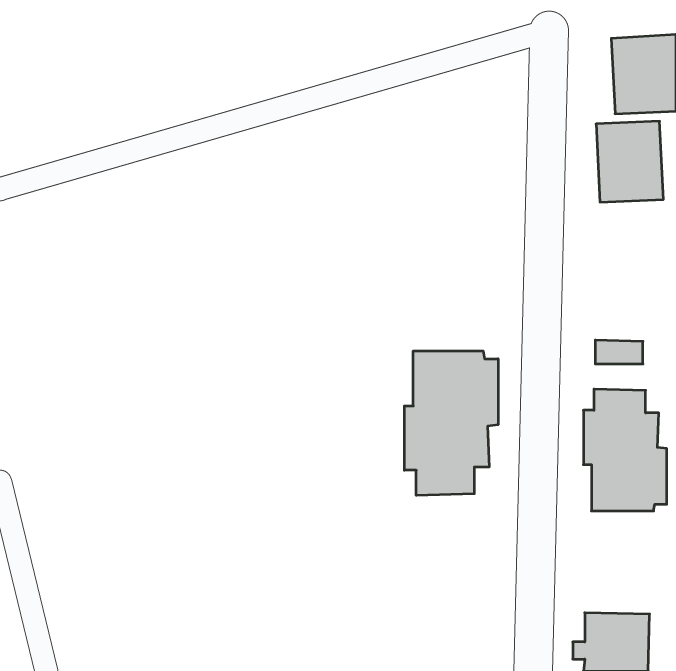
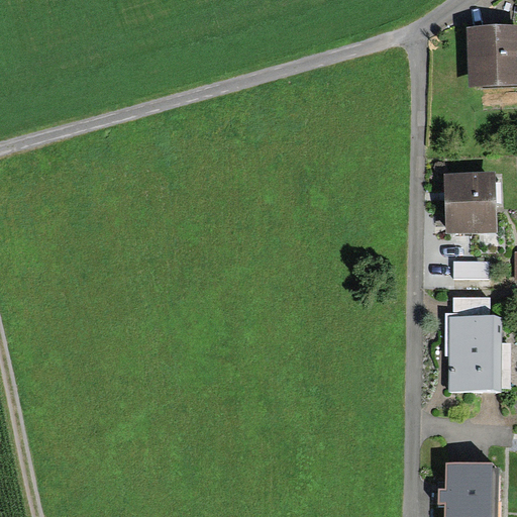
building: [596,121,663,202] -> [444,173,496,234]
building: [404,351,498,495] -> none

